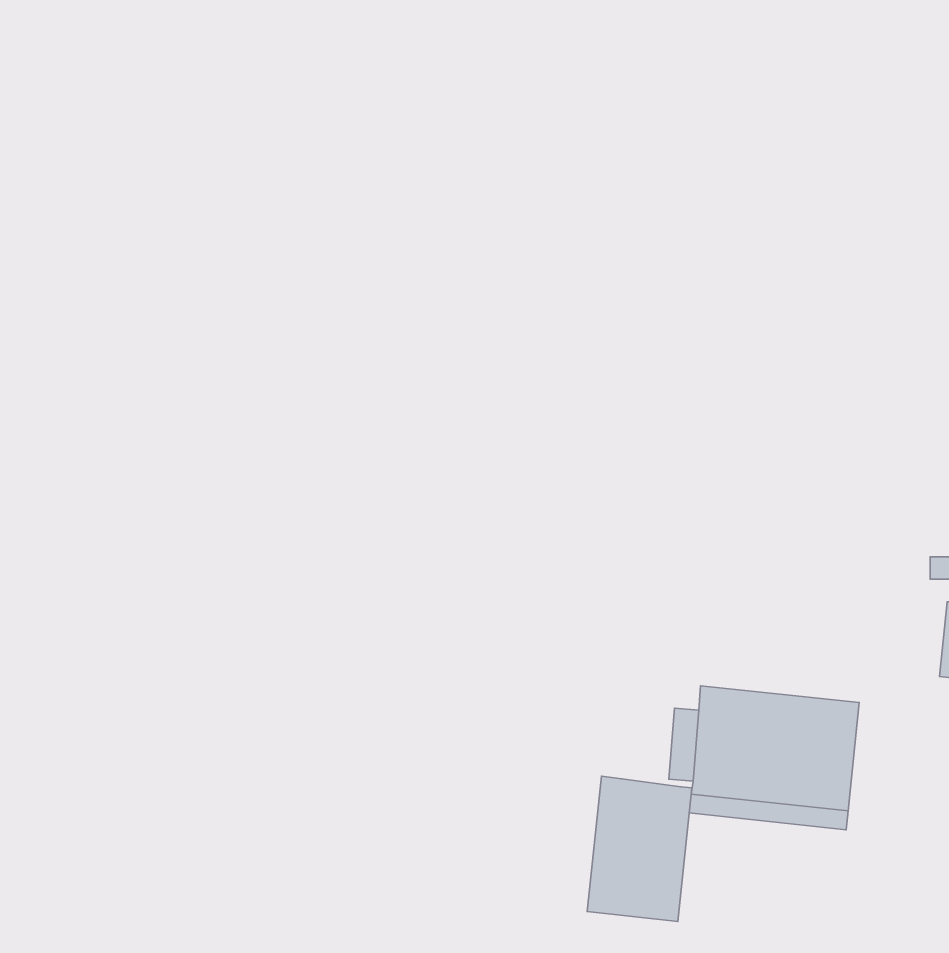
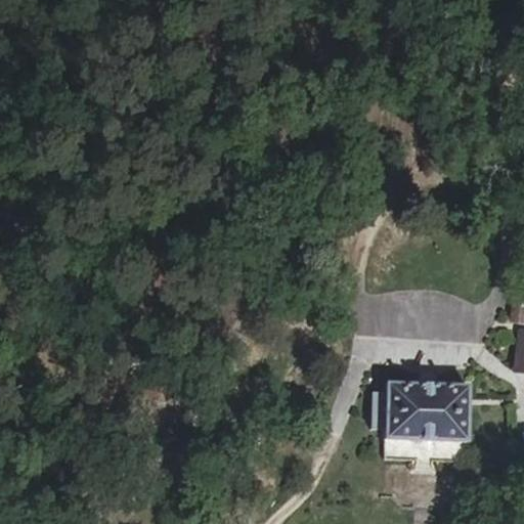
building: [587,776,692,922] -> none

